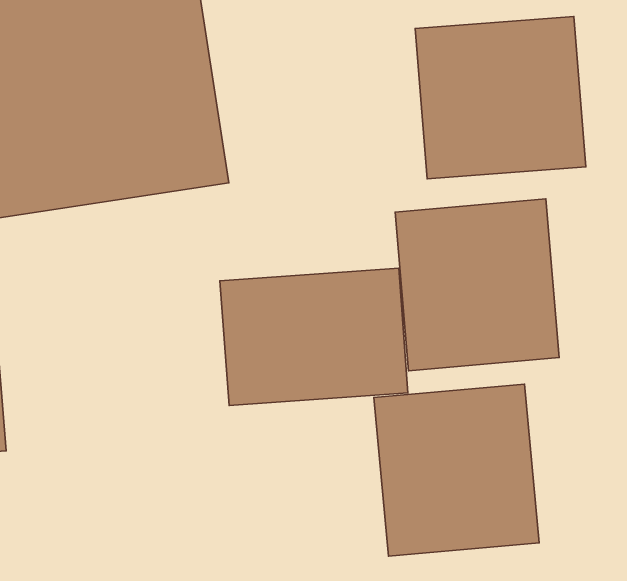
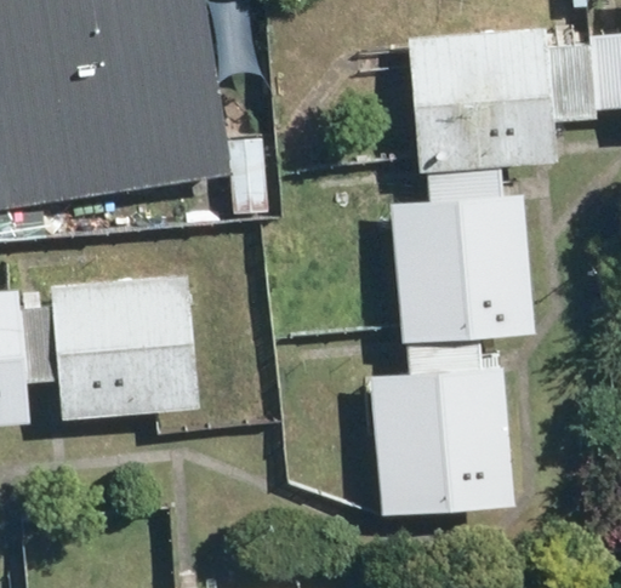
building: [220,268,408,406] -> none
building: none -> [42,274,200,416]

